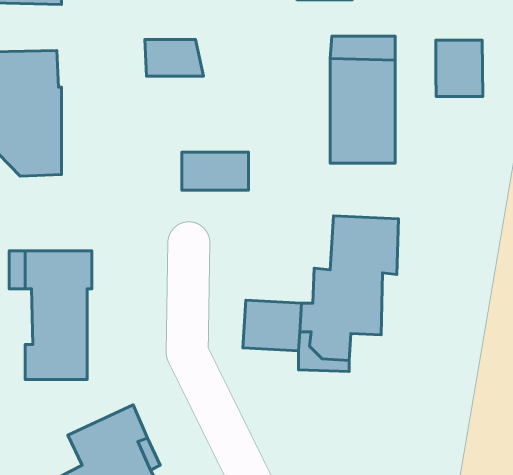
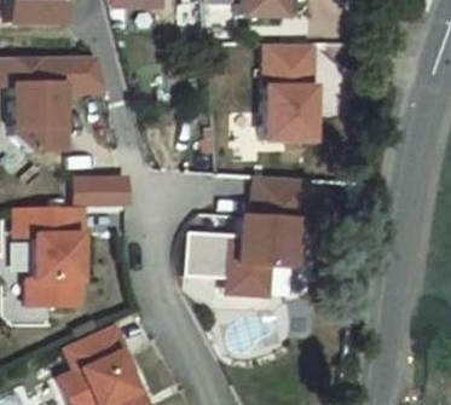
building: [145,40,204,76] -> [58,56,103,83]
building: [436,40,483,97] -> none
building: [182,152,249,190] -> [69,179,120,208]

